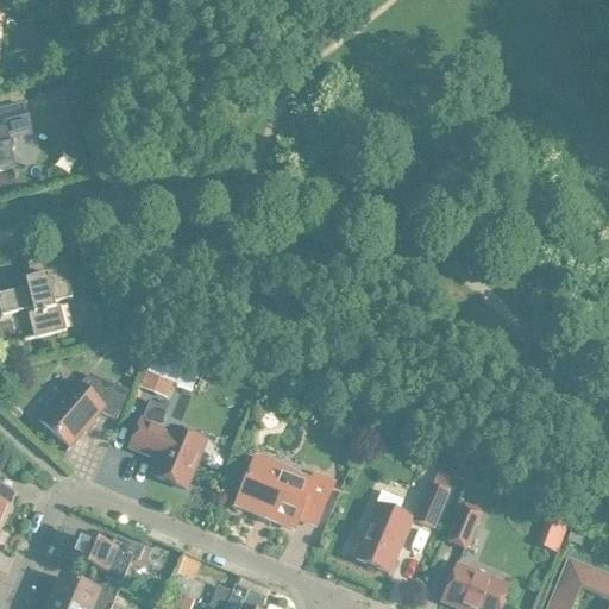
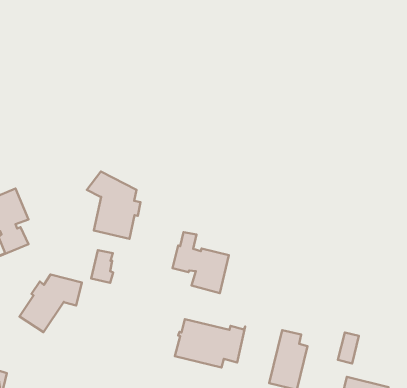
building: none -> [87,171,141,239]
building: [128,401,205,488] -> [172,232,229,293]
building: [415,484,447,526] -> none

